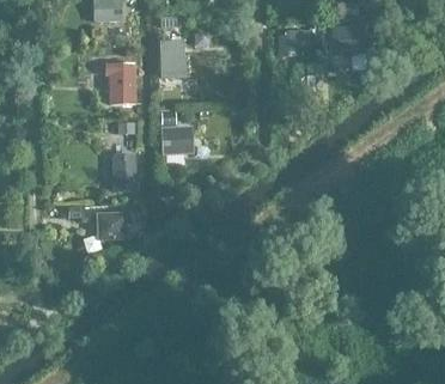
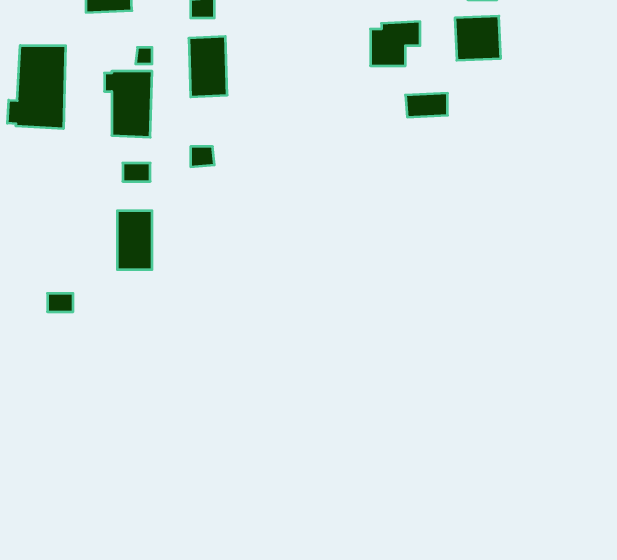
building: none -> [7,45,66,129]
building: [159,123,193,154] -> none
building: [95,211,126,239] -> none

